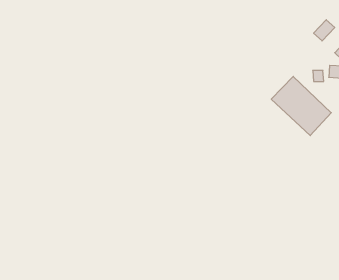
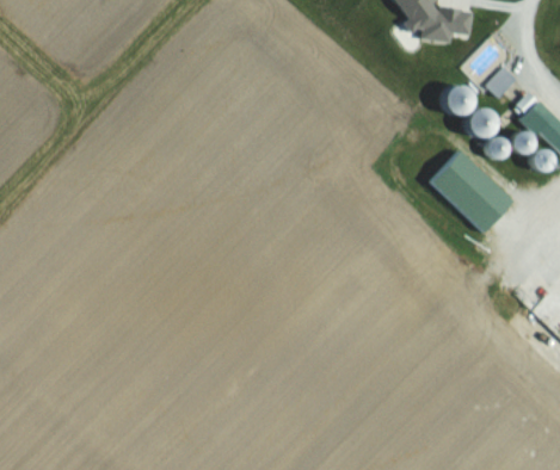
building: none -> [437,82,494,141]

